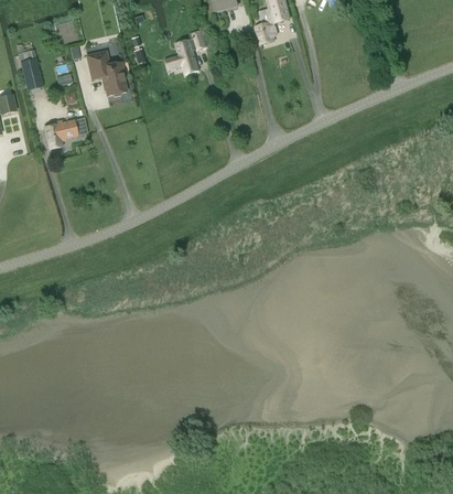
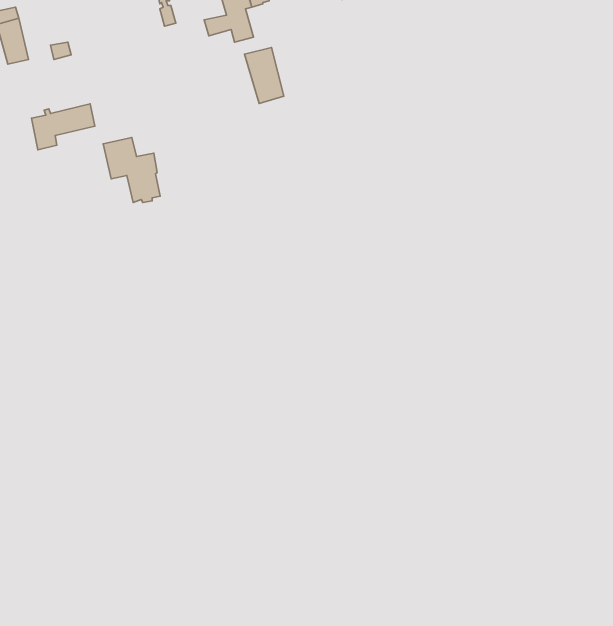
building: [86,51,126,96] -> [103,137,160,203]
building: none -> [244,47,284,104]

